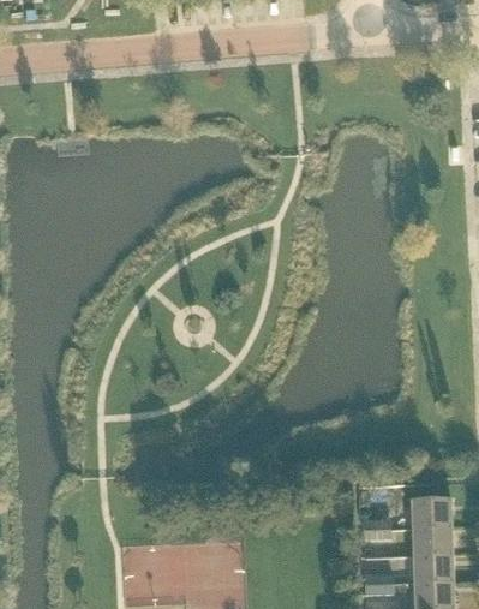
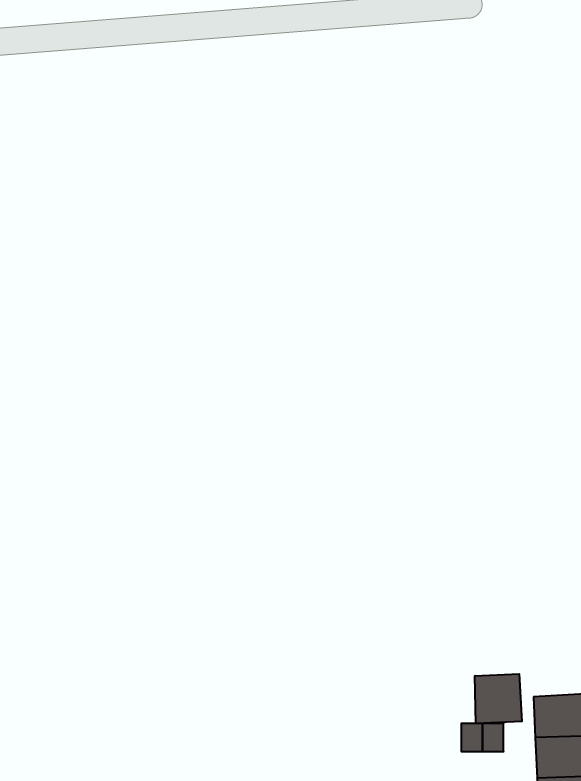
building: none -> [475,674,522,723]

